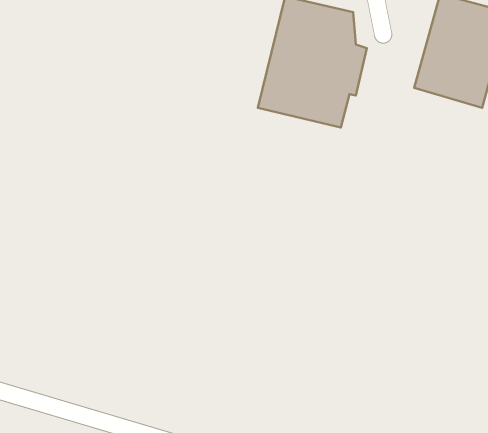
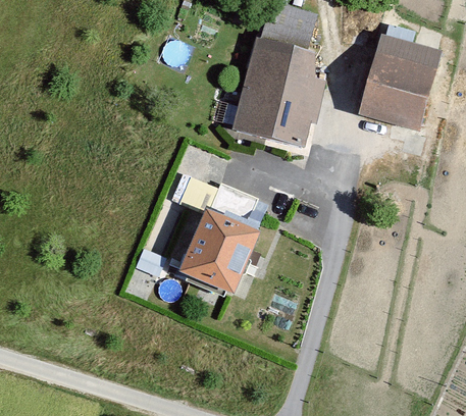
building: none -> [182,210,259,292]

